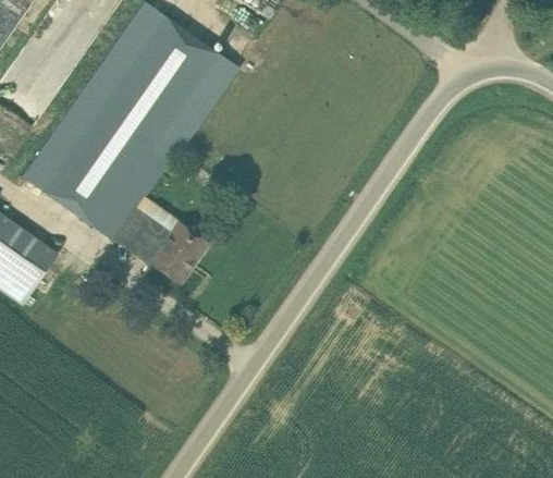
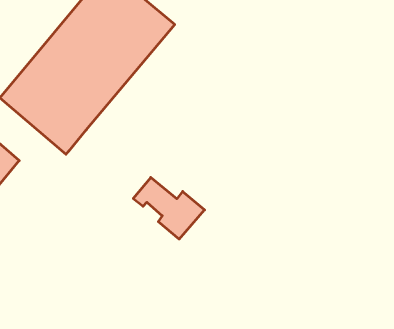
building: [118,208,208,282] -> [133,177,205,239]

